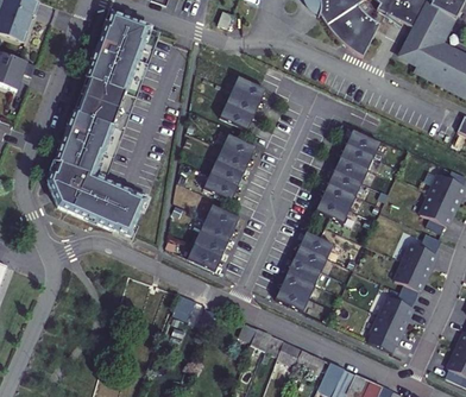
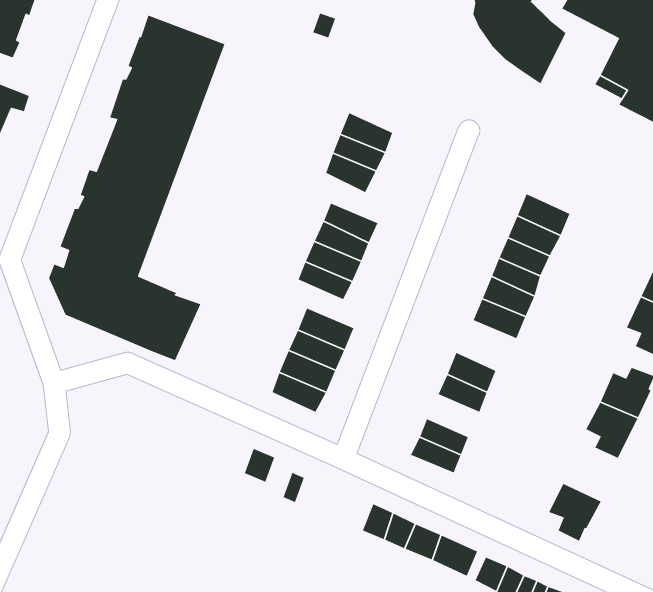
building: [290,258,325,285] -> none
building: [378,292,414,327] -> none

